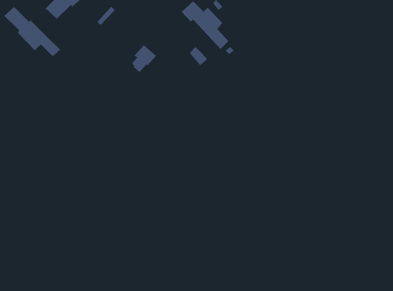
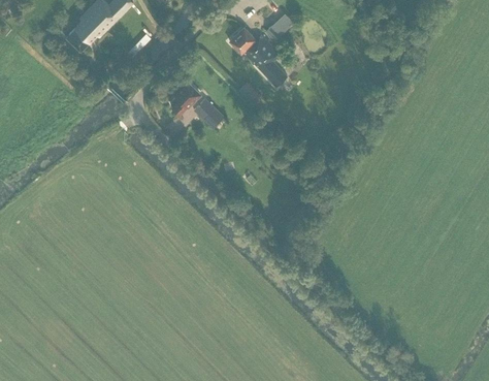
building: [4,6,61,57] -> none
building: none -> [196,101,225,129]

